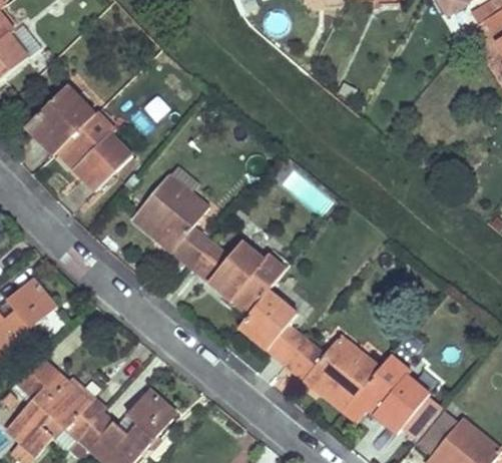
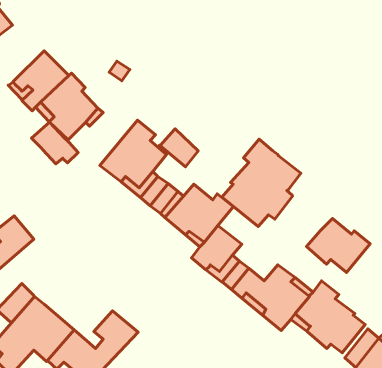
building: none -> [32,122,78,164]
building: none -> [160,129,198,167]
building: none -> [222,139,301,227]
building: none -> [307,219,370,273]

